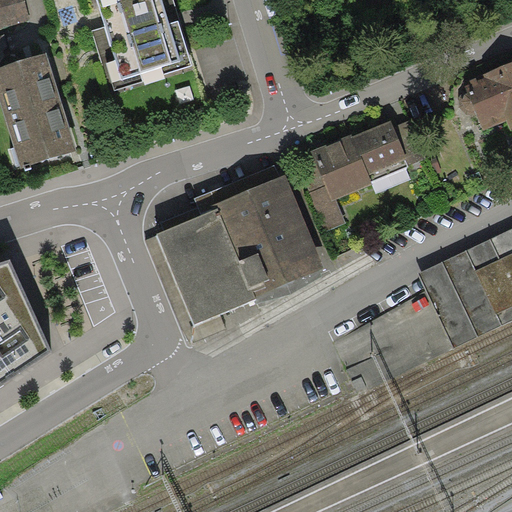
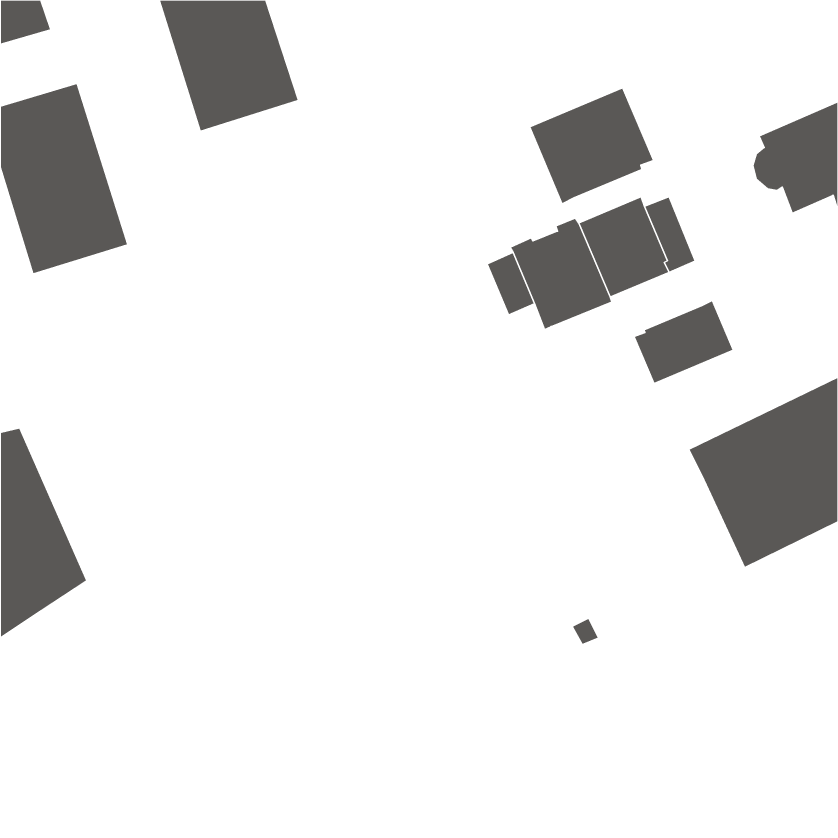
building: none -> [530,88,654,204]
building: [155,174,325,324] -> none
building: none -> [634,301,733,384]
building: [308,185,346,232] -> none

